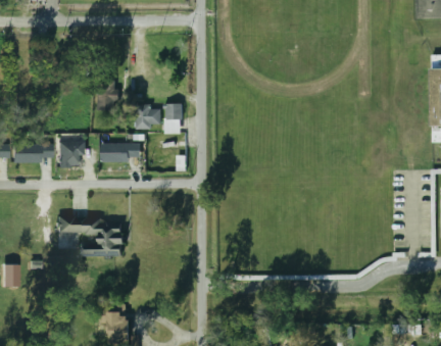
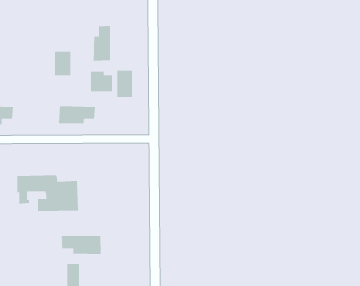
building: none -> [93,25,110,61]
building: [59,142,86,167] -> none
building: none -> [61,235,101,255]

